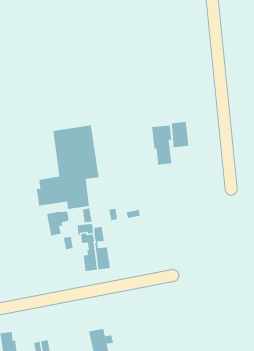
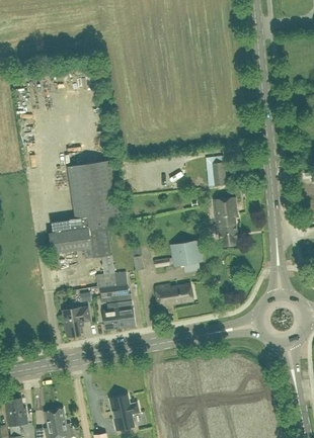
building: [151,125,172,166] -> [214,197,238,245]
building: none -> [170,240,203,267]
building: [46,211,70,236] -> [63,308,90,337]
building: none -> [155,283,193,309]

